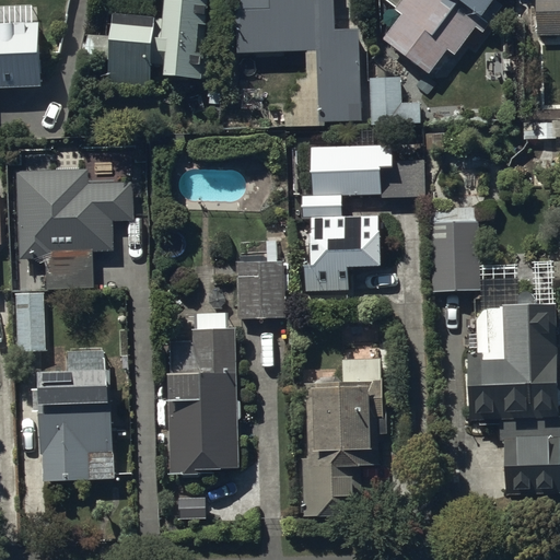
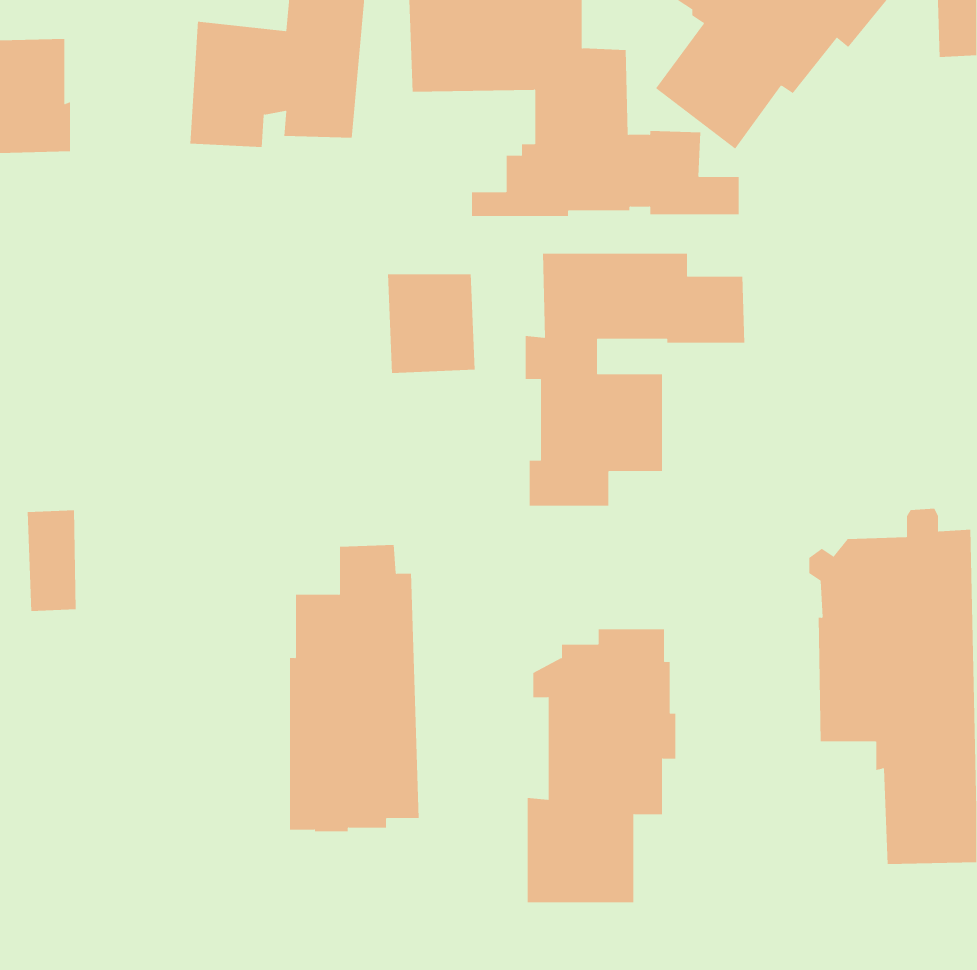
building: [16,167,131,285] -> none
building: [429,220,482,290] -> none
building: [235,261,285,318] -> [387,274,475,374]
building: [37,349,113,481] -> none

